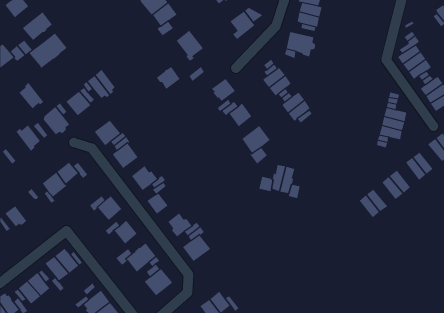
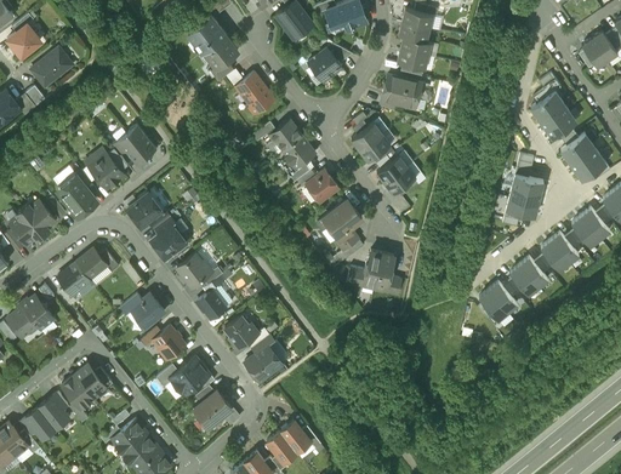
building: [29,32,67,69] -> none
building: [156,66,181,90] -> [269,119,302,150]
building: [19,82,44,109] -> [8,207,42,244]
building: none -> [19,293,53,329]

